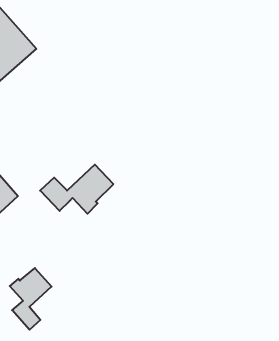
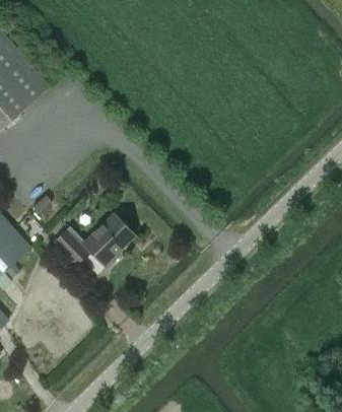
building: [10,268,52,330] -> none

